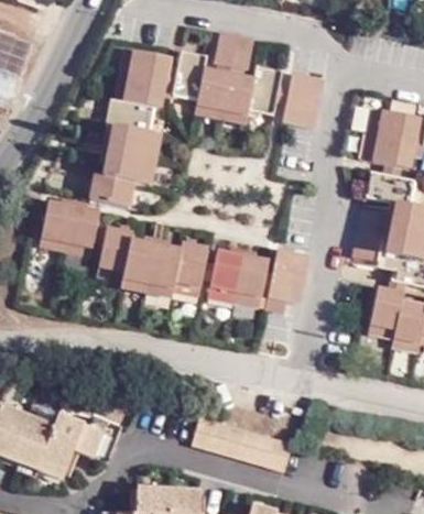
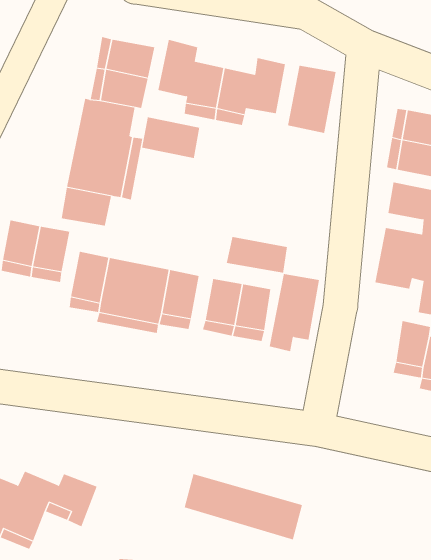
building: [214,32,254,70] -> none
building: none -> [142,116,200,159]
building: none -> [226,236,288,273]

